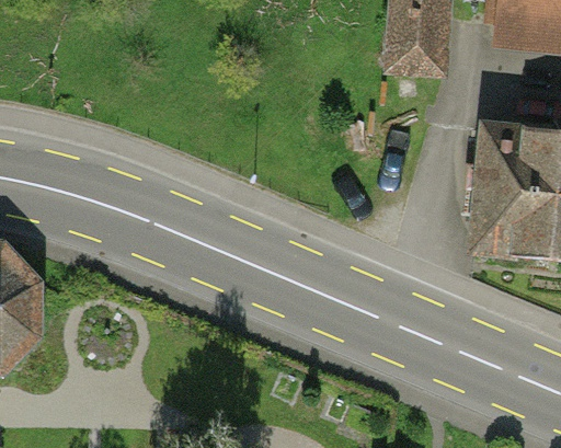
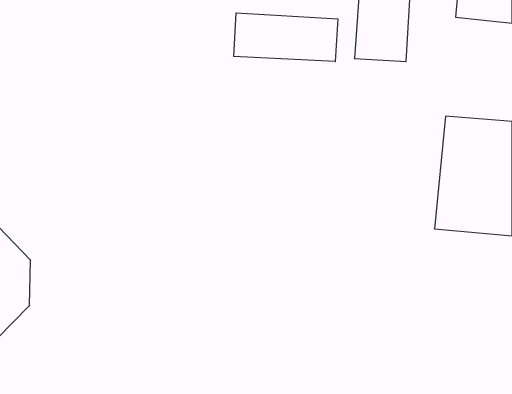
building: none -> [234,13,338,62]

